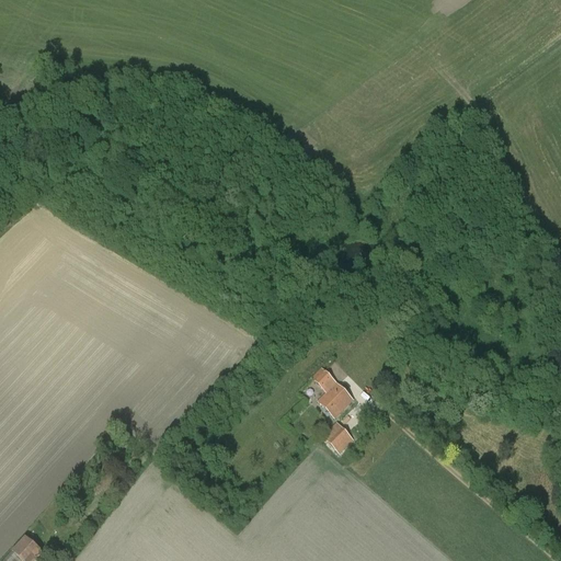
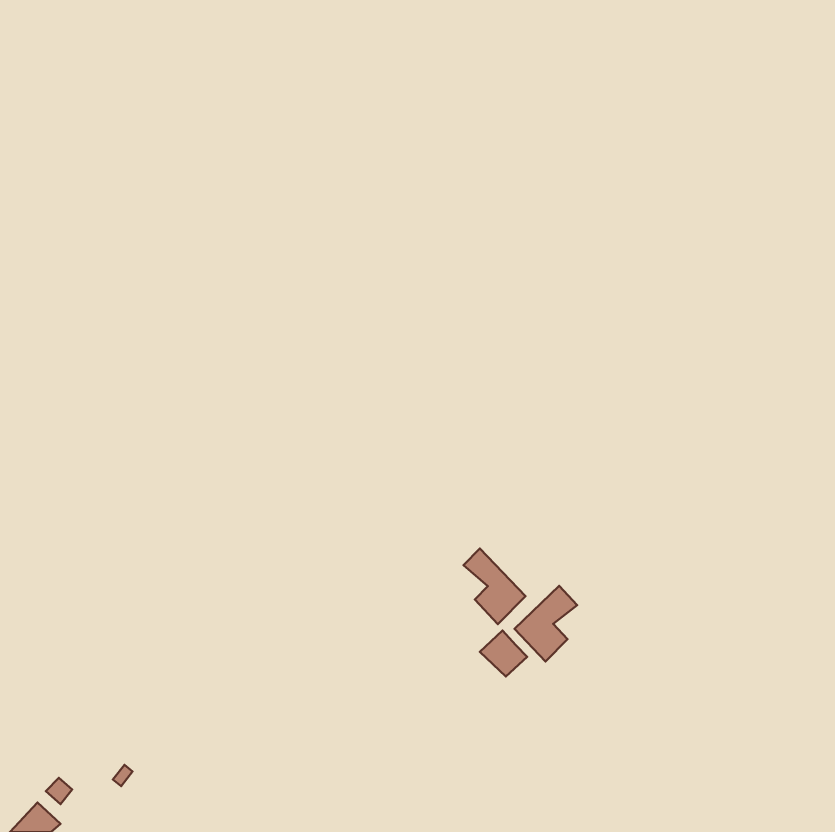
building: none -> [515,586,577,662]

